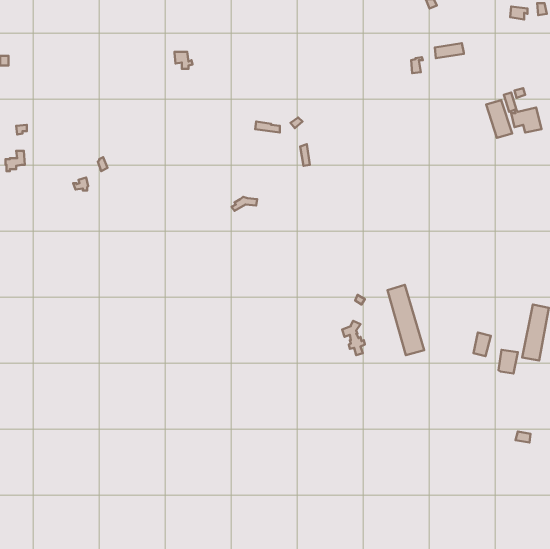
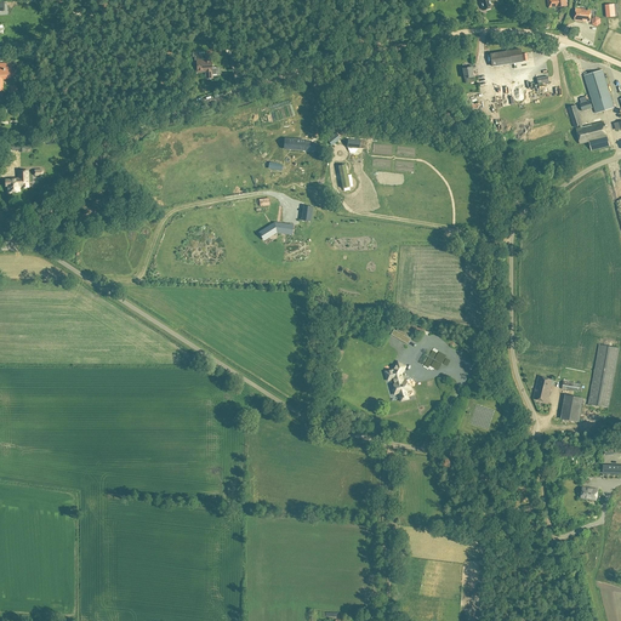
building: [486,100,512,138] -> [585,69,614,112]
building: [388,285,424,355] -> none

